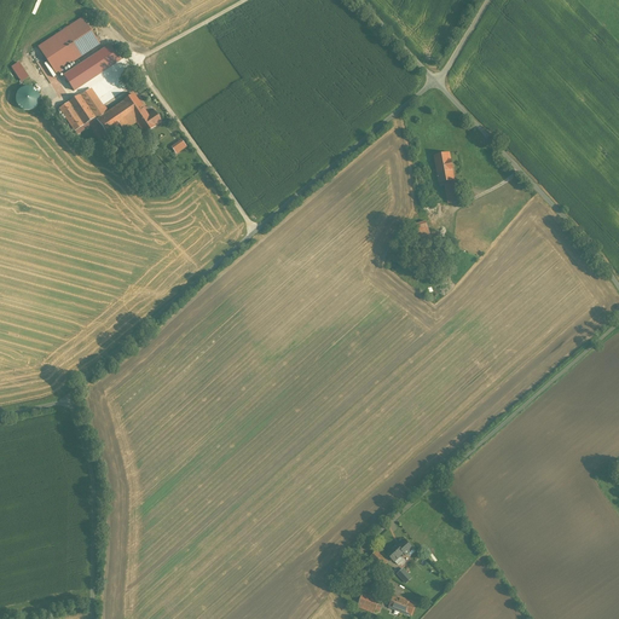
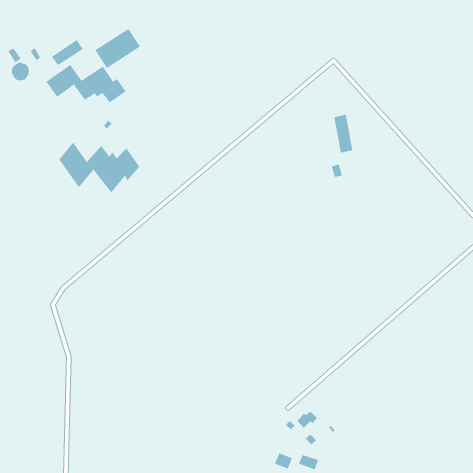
building: [37,17,98,70] -> [95,28,141,69]
building: none -> [58,142,140,193]

